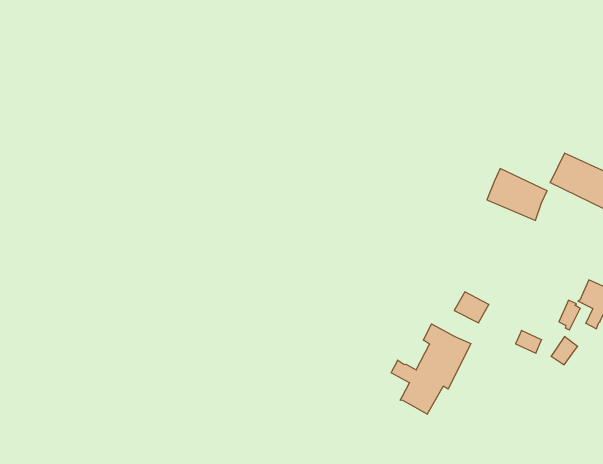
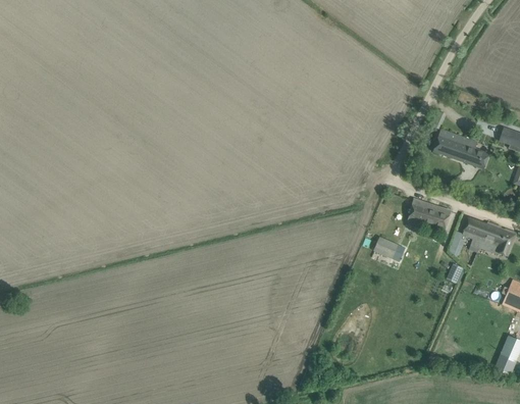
building: [487,169,547,220] -> [407,198,450,233]
building: [391,324,471,414] -> none

